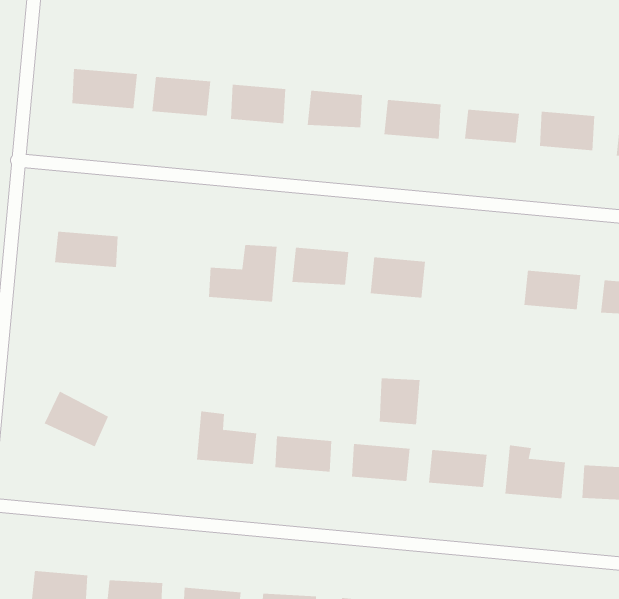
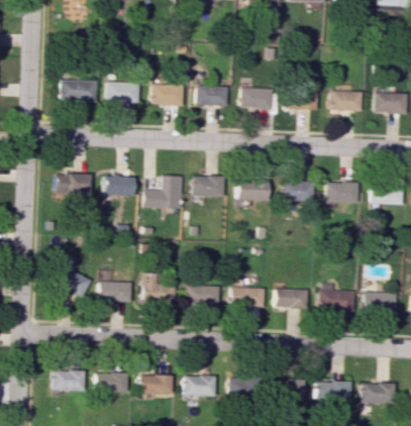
building: none -> [103,176,134,196]
building: none -> [281,181,314,202]
building: [379,378,420,425] -> none
building: none -> [99,281,131,301]

